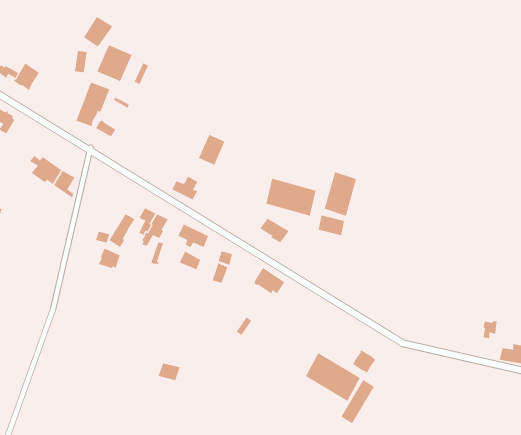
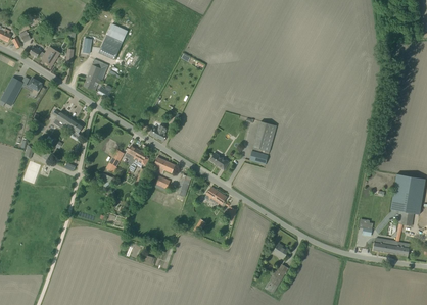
building: [266,178,316,217] -> none
building: [305,352,361,402] -> none

